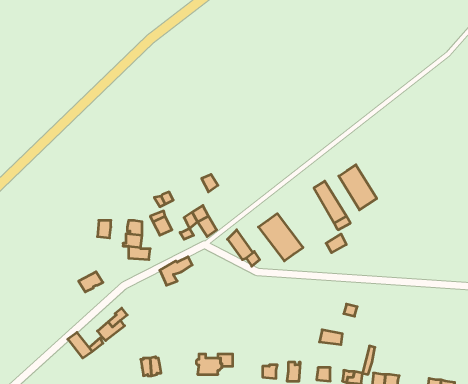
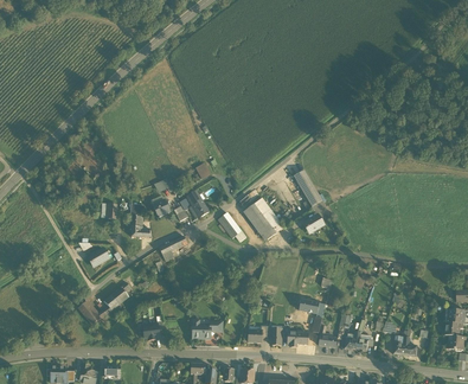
building: [339,165,377,210] -> none

